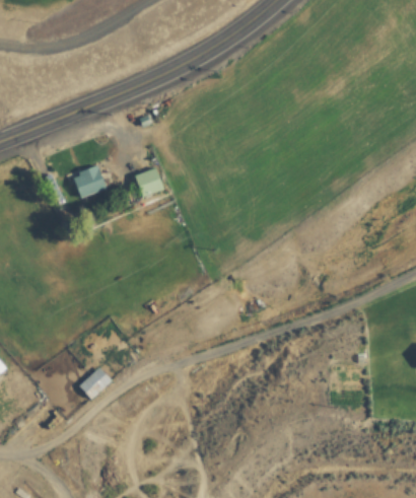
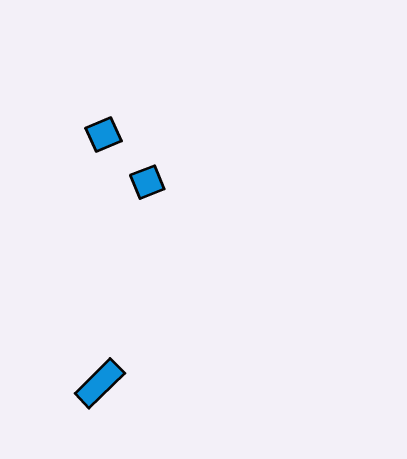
building: [72,166,107,199] -> [85,118,122,151]

